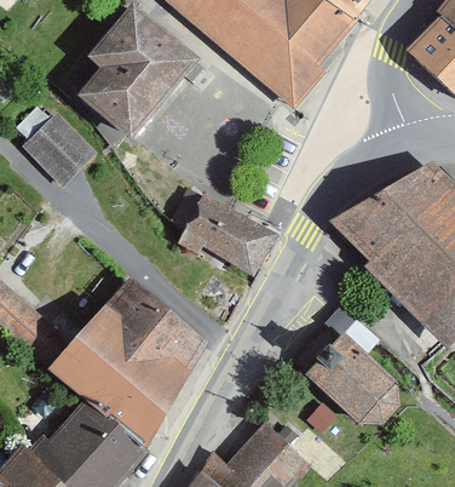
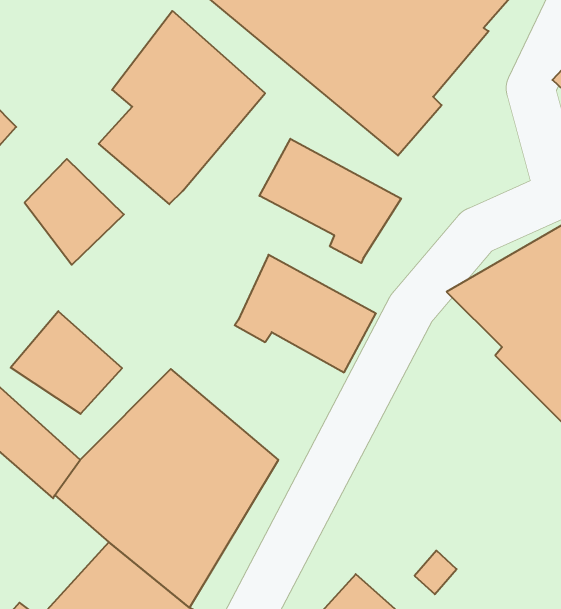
building: none -> [259,139,401,263]
building: none -> [11,311,122,414]
building: [304,326,399,420] -> none

